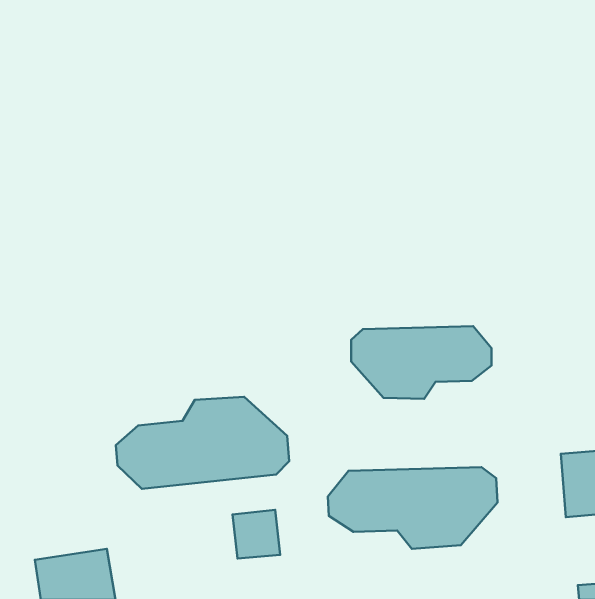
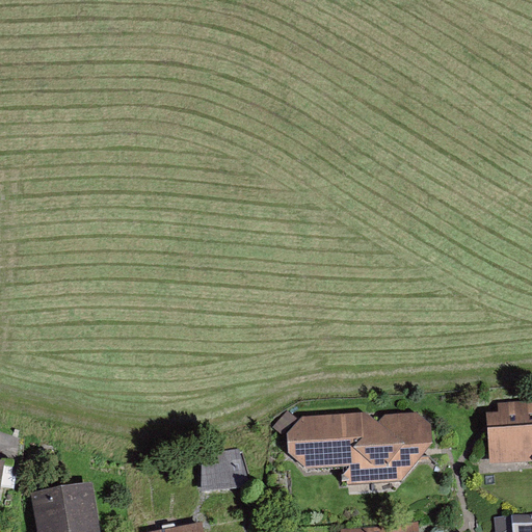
building: [351,326,491,399] -> none
building: [116,397,289,489] -> none

